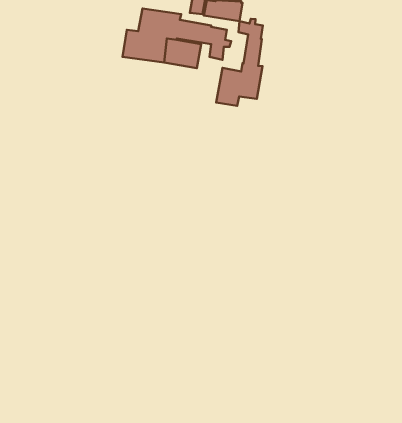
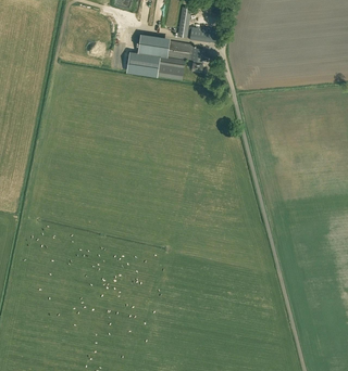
building: [216,19,263,106] -> none

